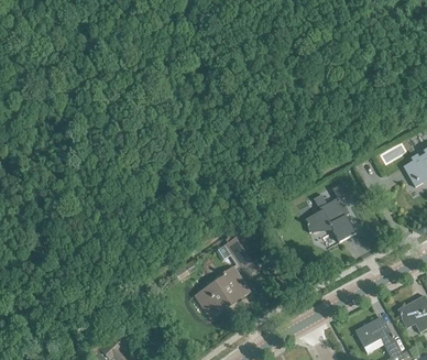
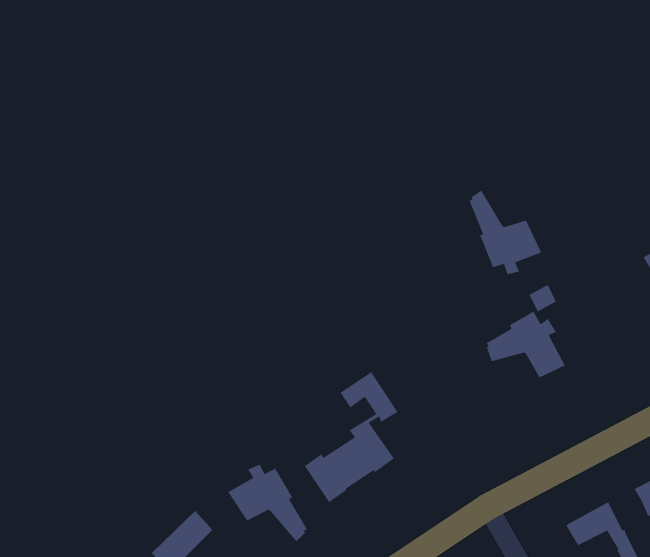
building: none -> [469,190,542,275]
building: none -> [227,464,308,542]

